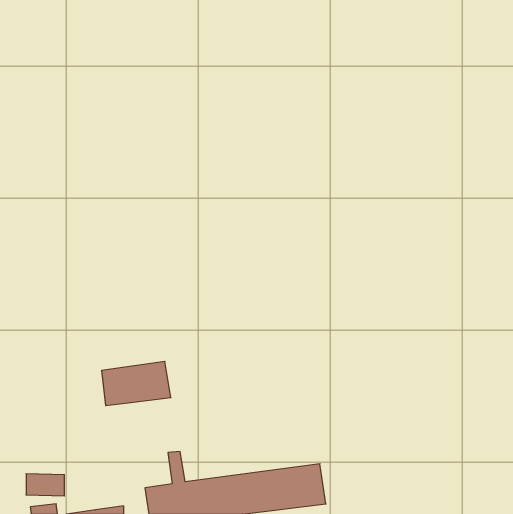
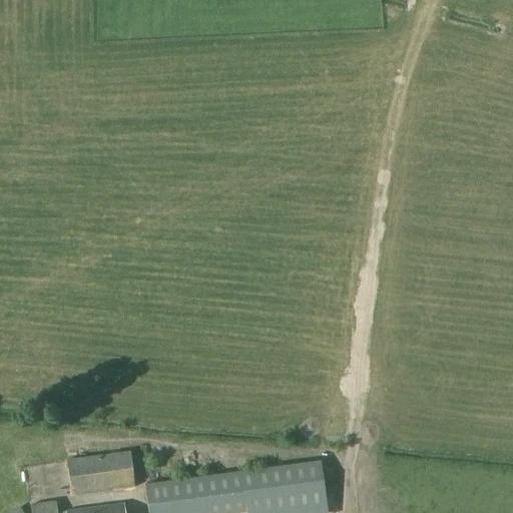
building: [102,361,171,406] -> [67,452,136,496]

